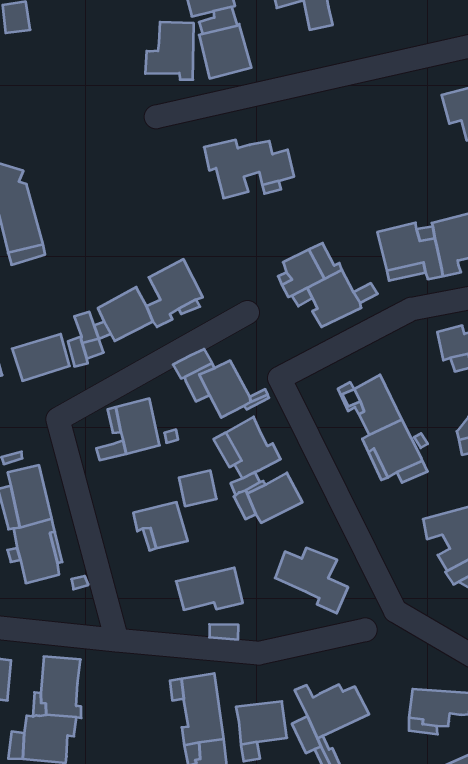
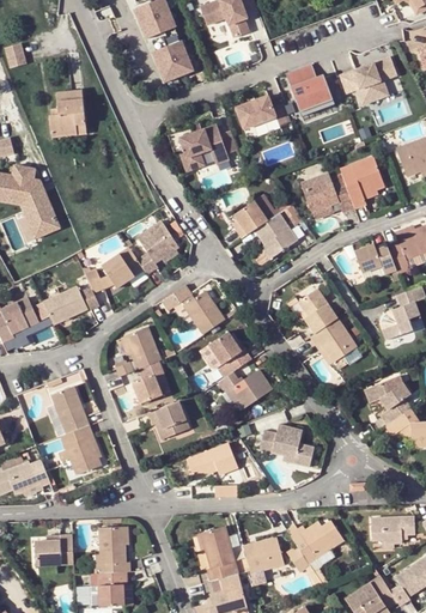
building: [145,22,194,80] -> [48,92,85,135]
building: none -> [284,65,331,114]
building: none -> [237,95,288,126]
building: [179,471,217,506] -> [133,376,163,405]

